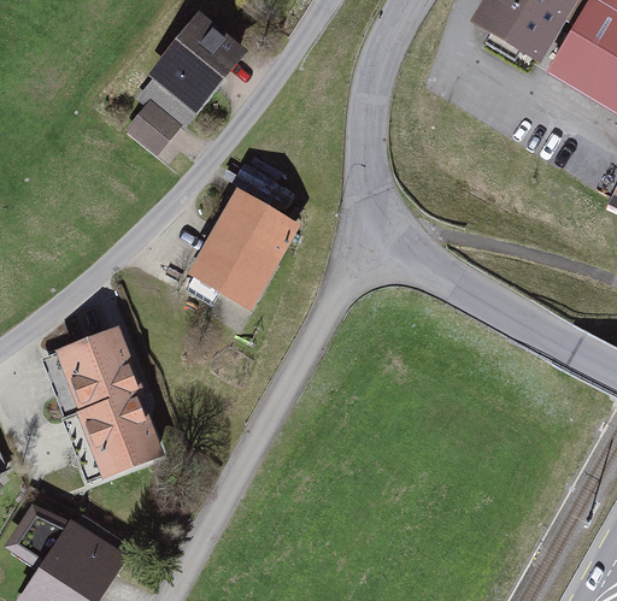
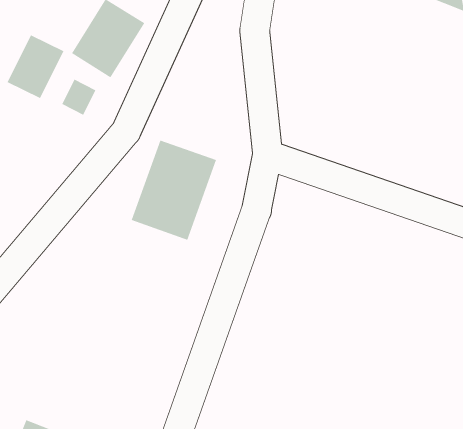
building: none -> [7,34,64,99]
building: [59,334,163,473] -> none

